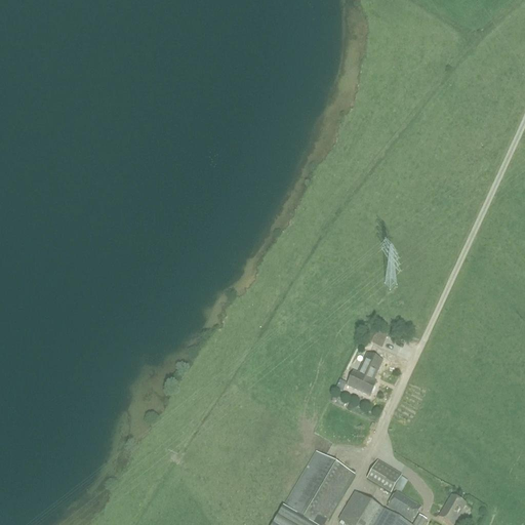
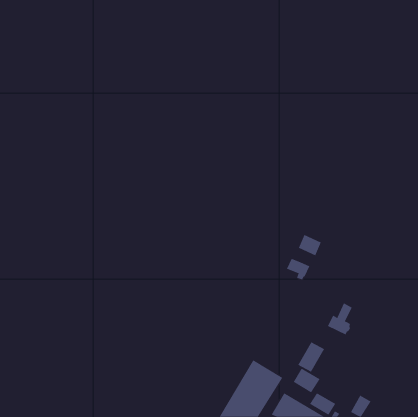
building: none -> [298,234,321,256]
building: [347,355,378,396] -> [327,302,352,335]
building: none -> [297,342,325,372]

